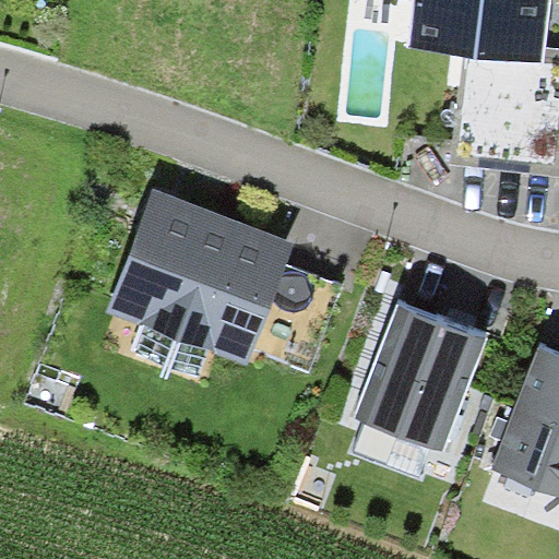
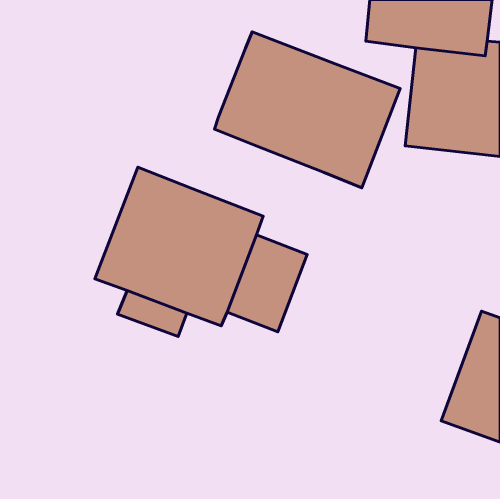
building: none -> [214,32,400,188]
building: [354,300,487,451] -> none

